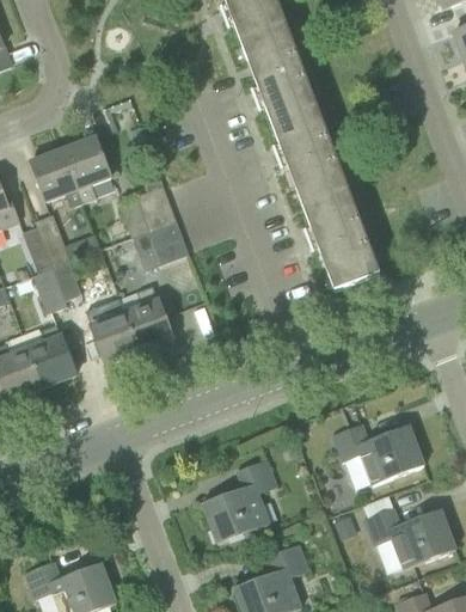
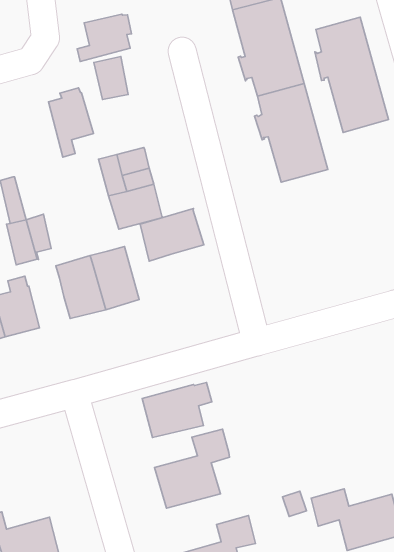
building: none -> [315,17,388,133]
building: none -> [77,14,132,61]
building: [30,148,84,207] -> none
building: [303,191,380,292] -> none
building: [35,214,69,268] -> none
building: none -> [140,209,204,261]
building: none -> [142,382,212,437]
building: [332,423,424,485] -> none

